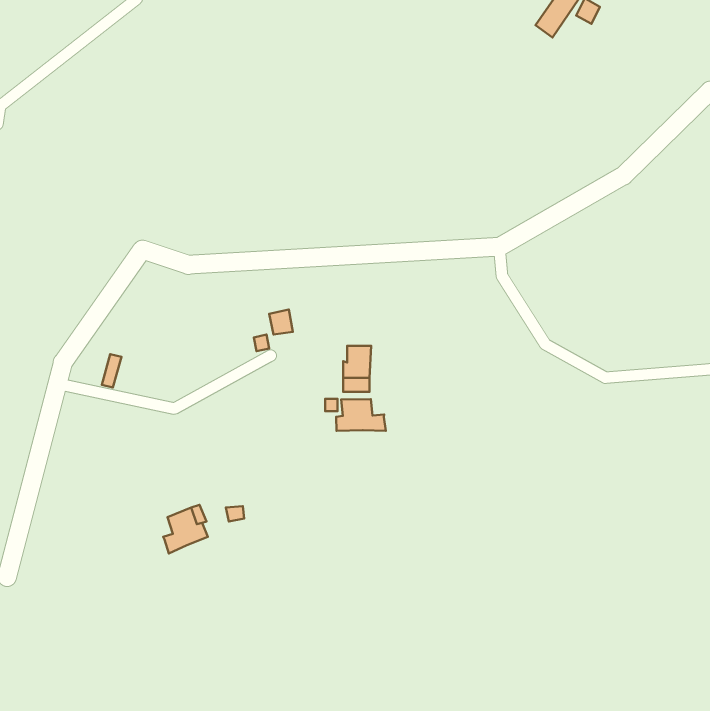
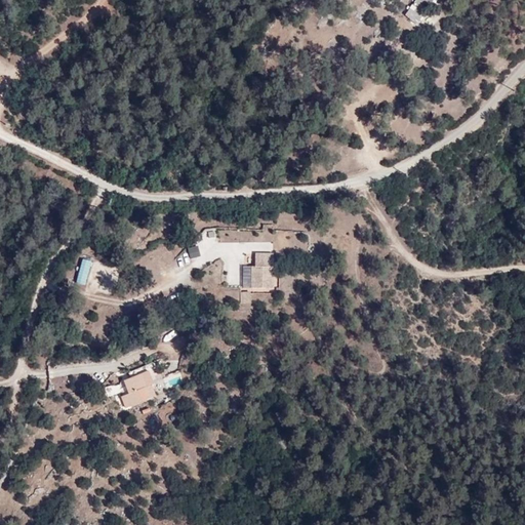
building: [336,399,386,431] -> none

